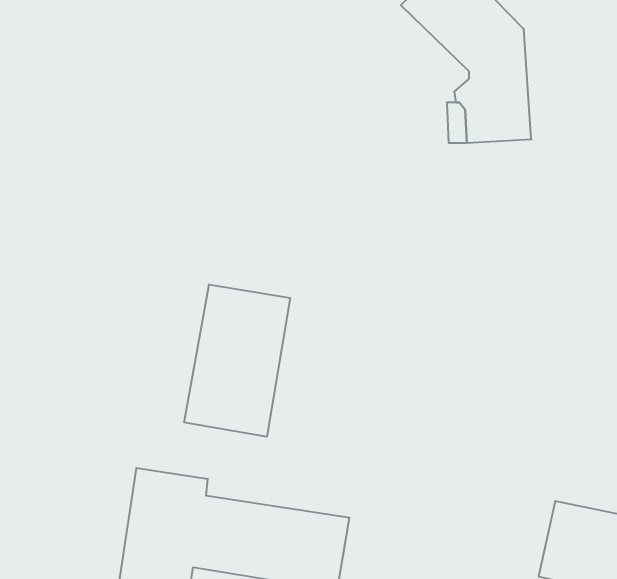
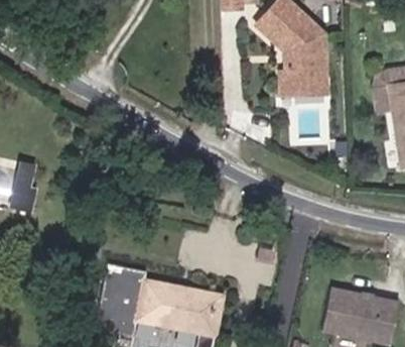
building: [184,284,290,437] -> none

